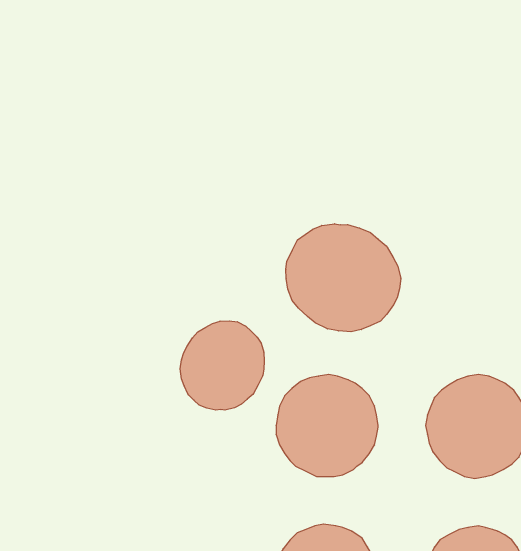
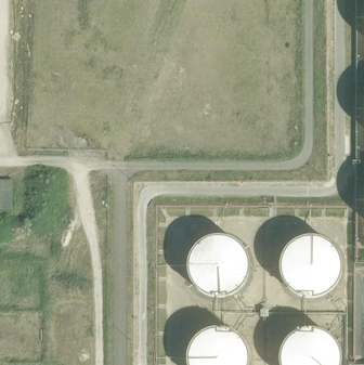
building: [286,224,401,332] -> none
building: [180,321,264,410] -> none

